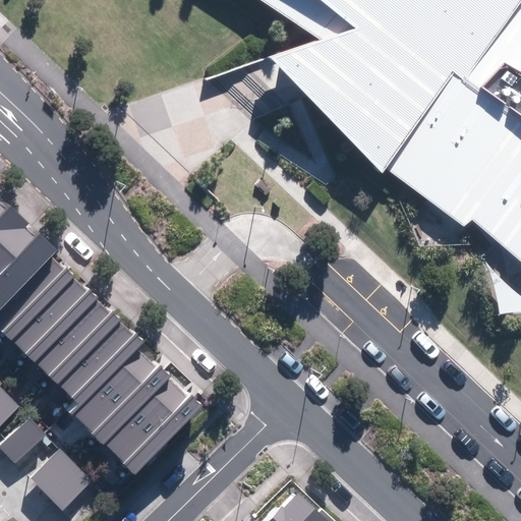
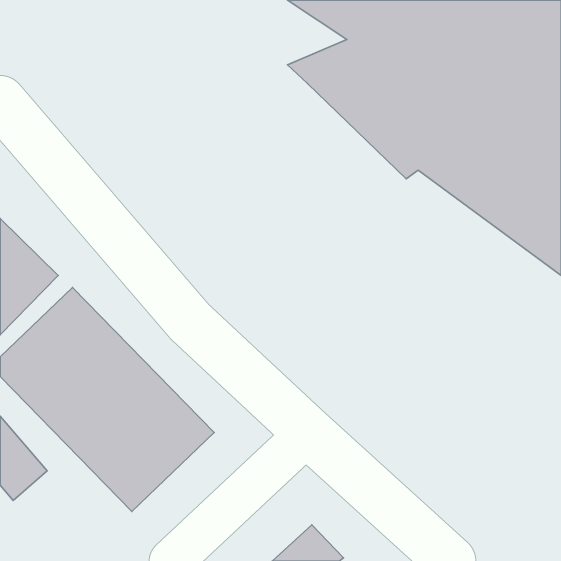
building: [31,452,92,513] -> none

